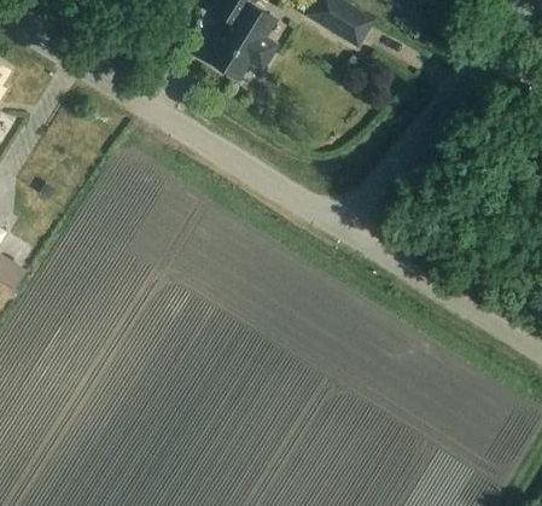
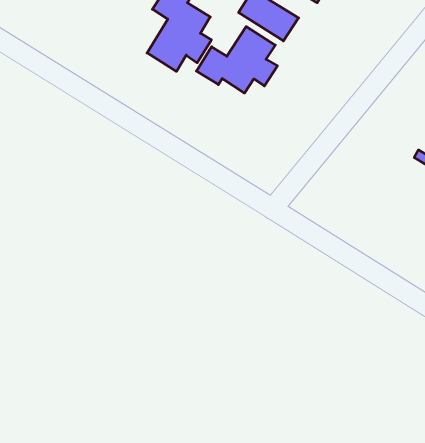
building: none -> [196,27,277,93]

